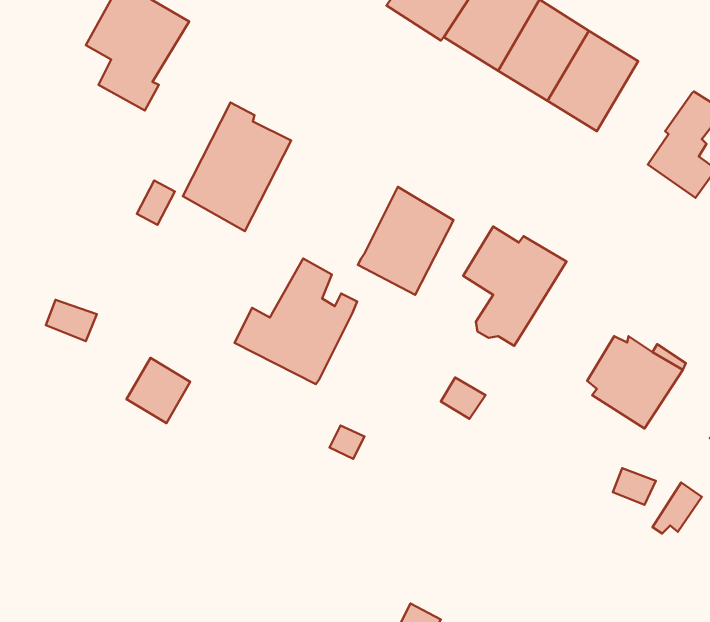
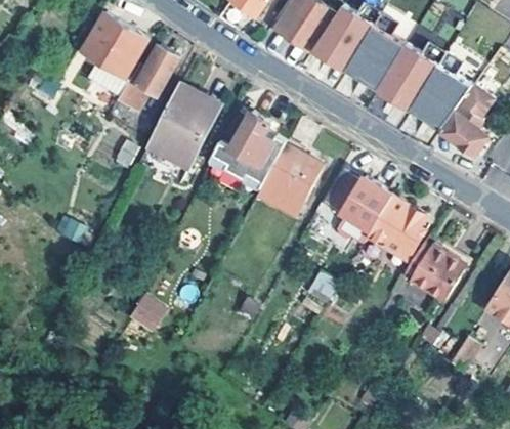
building: none -> [115,46,178,116]
building: none -> [411,65,472,129]
building: [235,259,357,384] -> [207,111,286,191]
building: none -> [367,194,425,259]
building: [127,358,190,423] -> [129,293,170,335]

